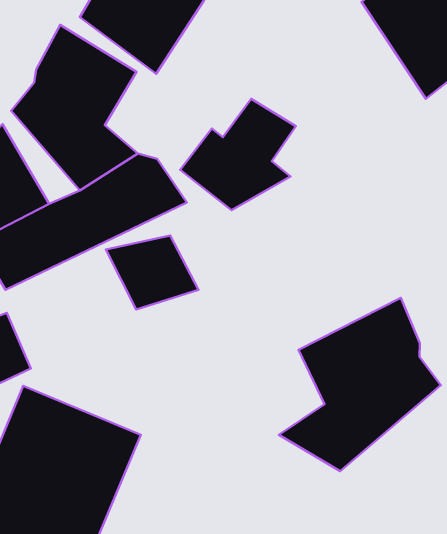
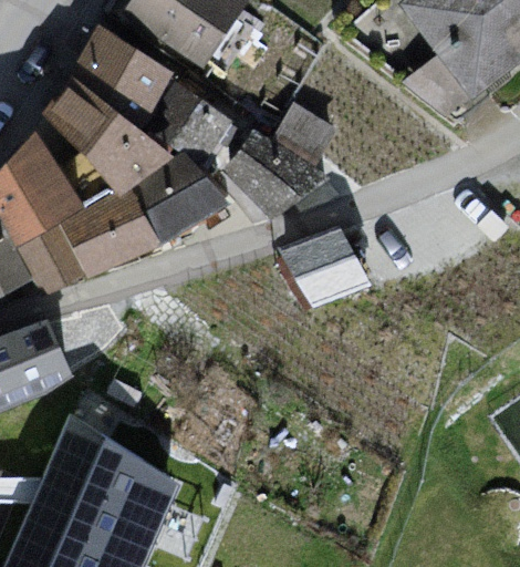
building: none -> [144,80,242,165]
building: [106,235,198,310] -> [277,233,371,308]
building: [279,298,441,471] -> none

